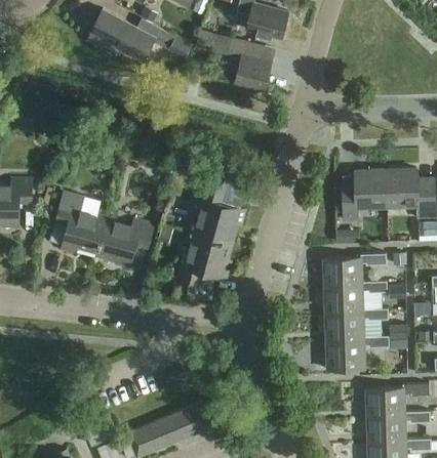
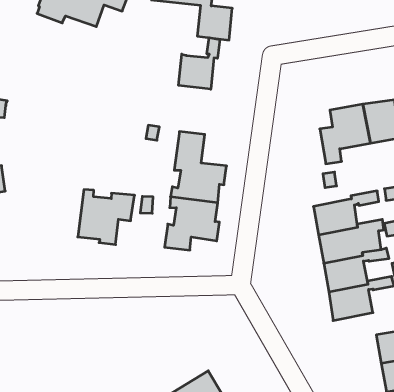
building: none -> [179,38,220,89]
building: [55,191,108,257] -> none

